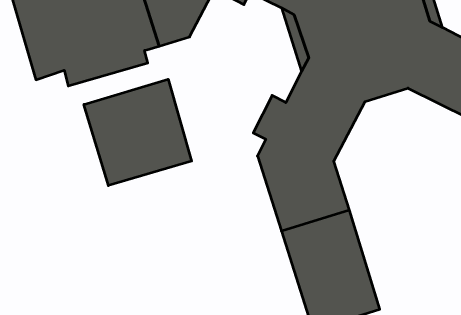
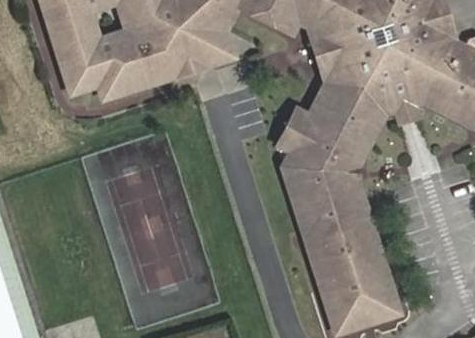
building: [84,79,192,186] -> none

